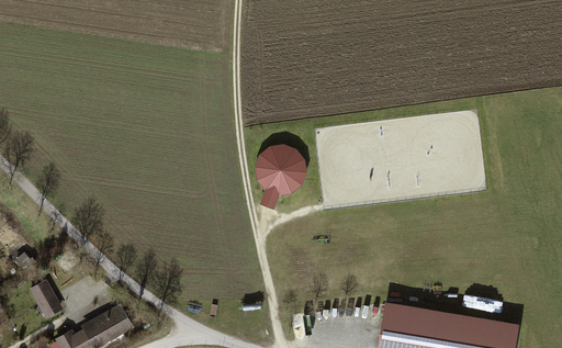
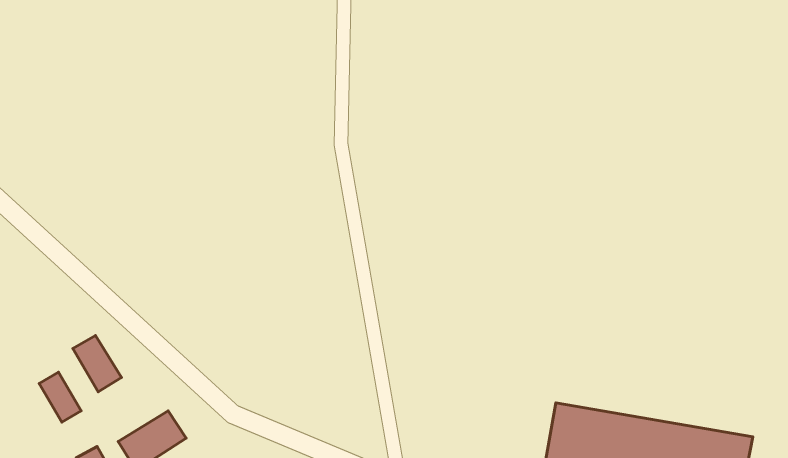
building: [257,145,305,206] -> none
building: none -> [73,335,121,392]

